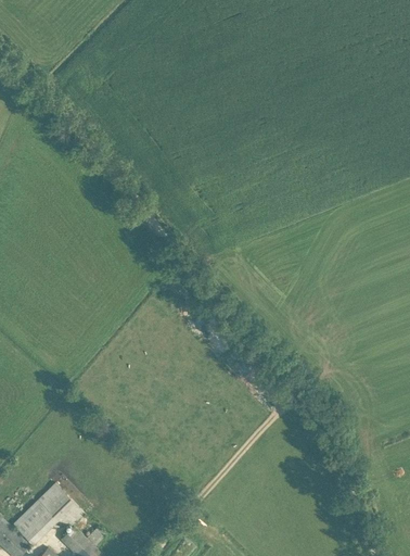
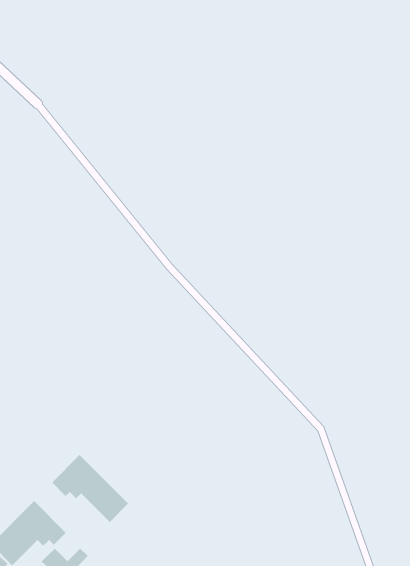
building: none -> [51,454,129,523]

